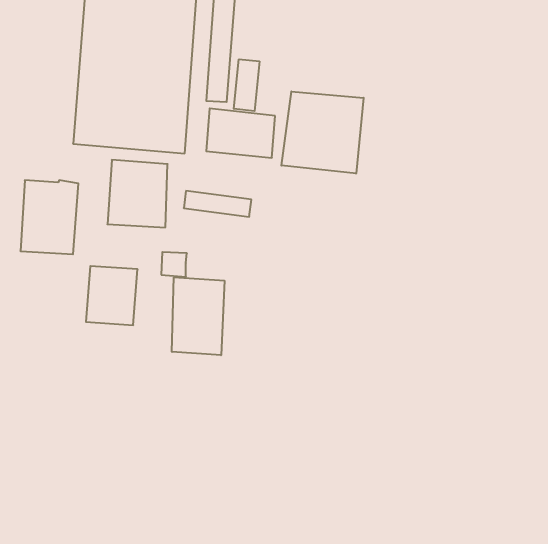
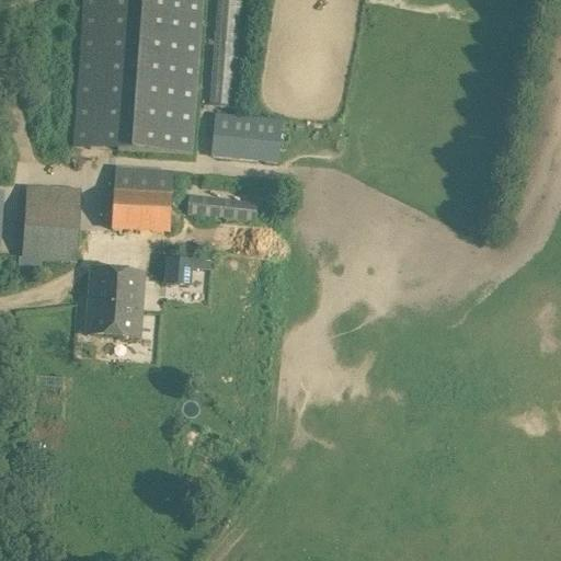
building: [234,59,259,111] -> none
building: [281,91,364,174] -> none
building: [172,277,224,355] -> none

